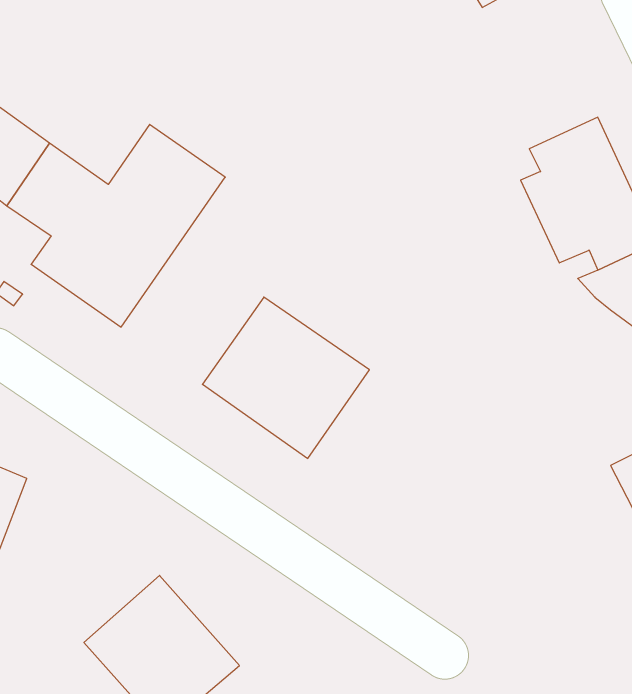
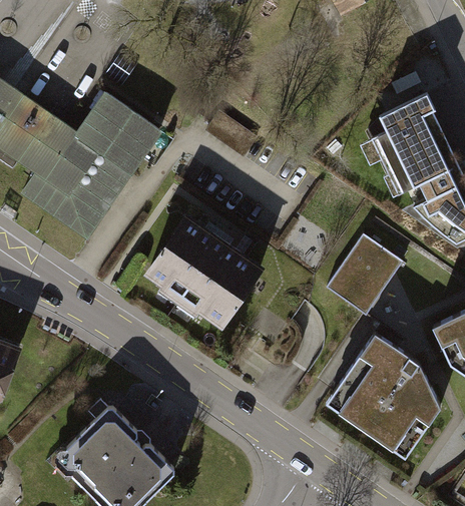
building: none -> [327,237,404,317]
building: none -> [325,337,439,462]

